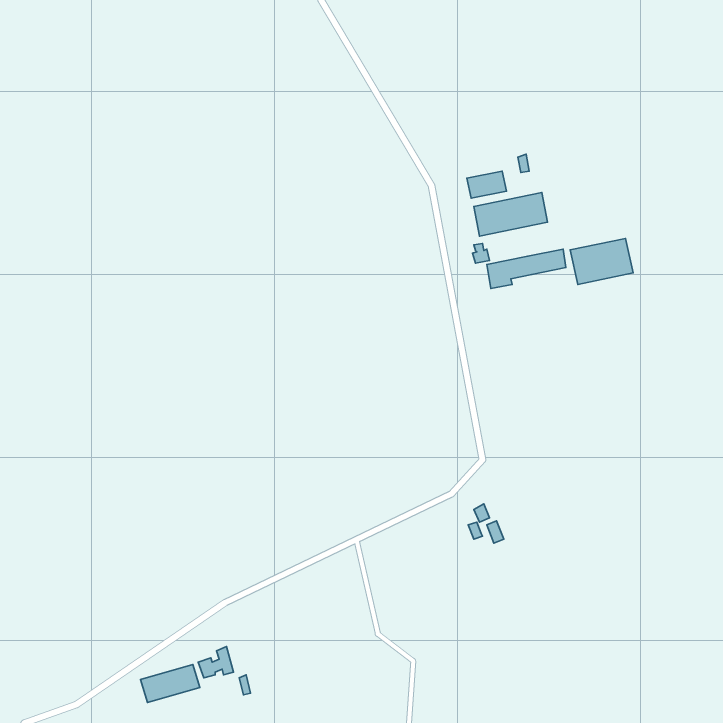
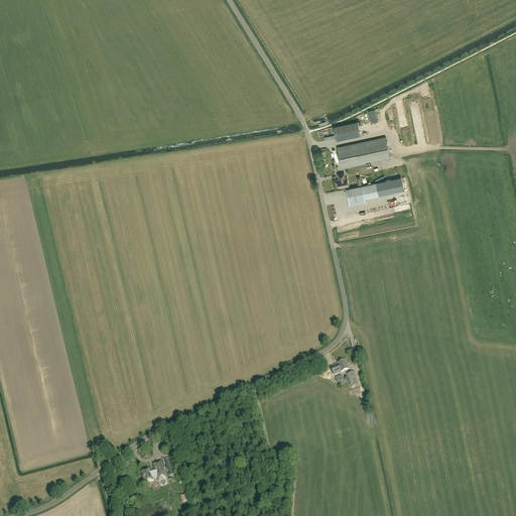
building: [570,238,633,284] -> none
building: [141,665,200,702] -> none

